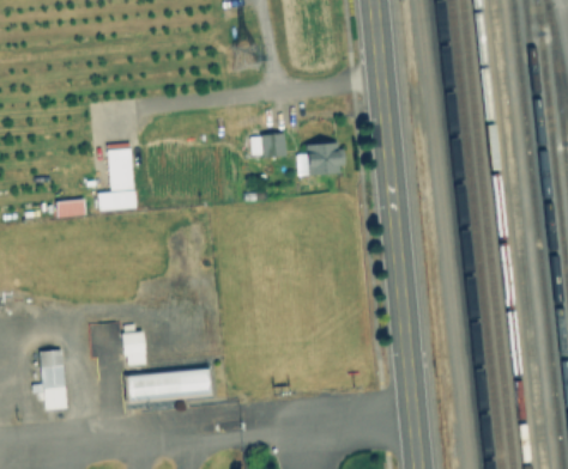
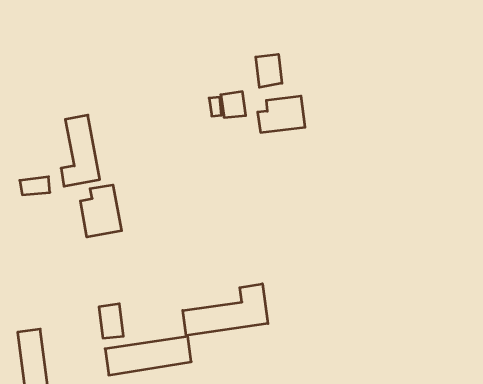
building: none -> [256,54,282,87]
building: none -> [80,185,122,237]
building: none -> [183,284,268,336]

